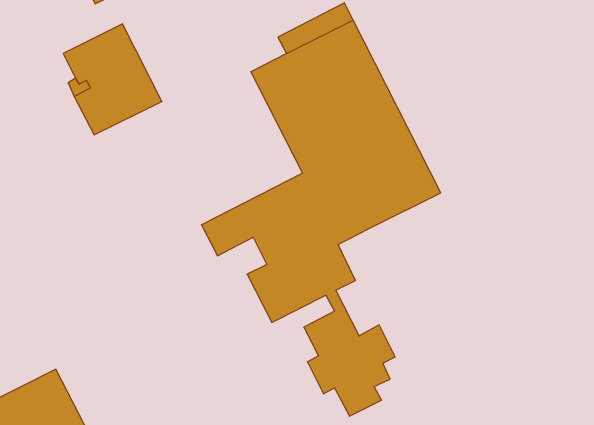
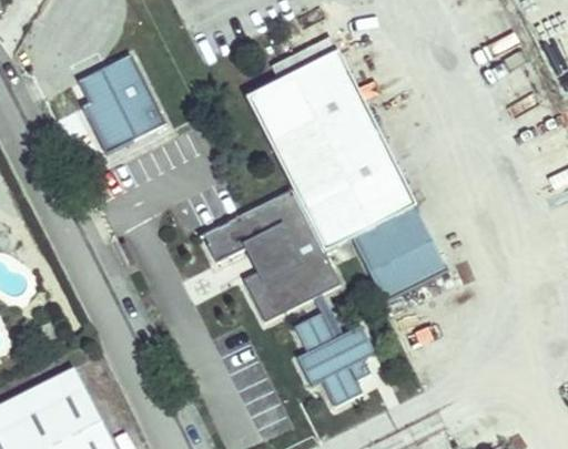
building: none -> [353,205,449,302]

